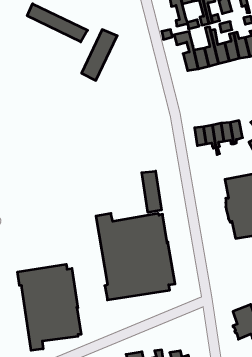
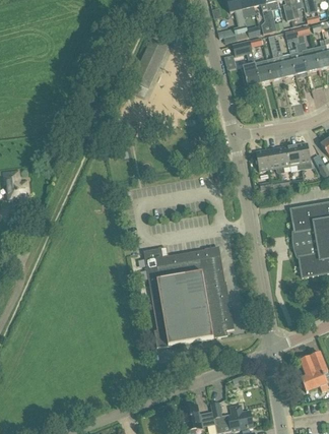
building: [27,4,88,42] -> none
building: [142,171,161,212] -> none
building: [18,264,81,350] -> none

